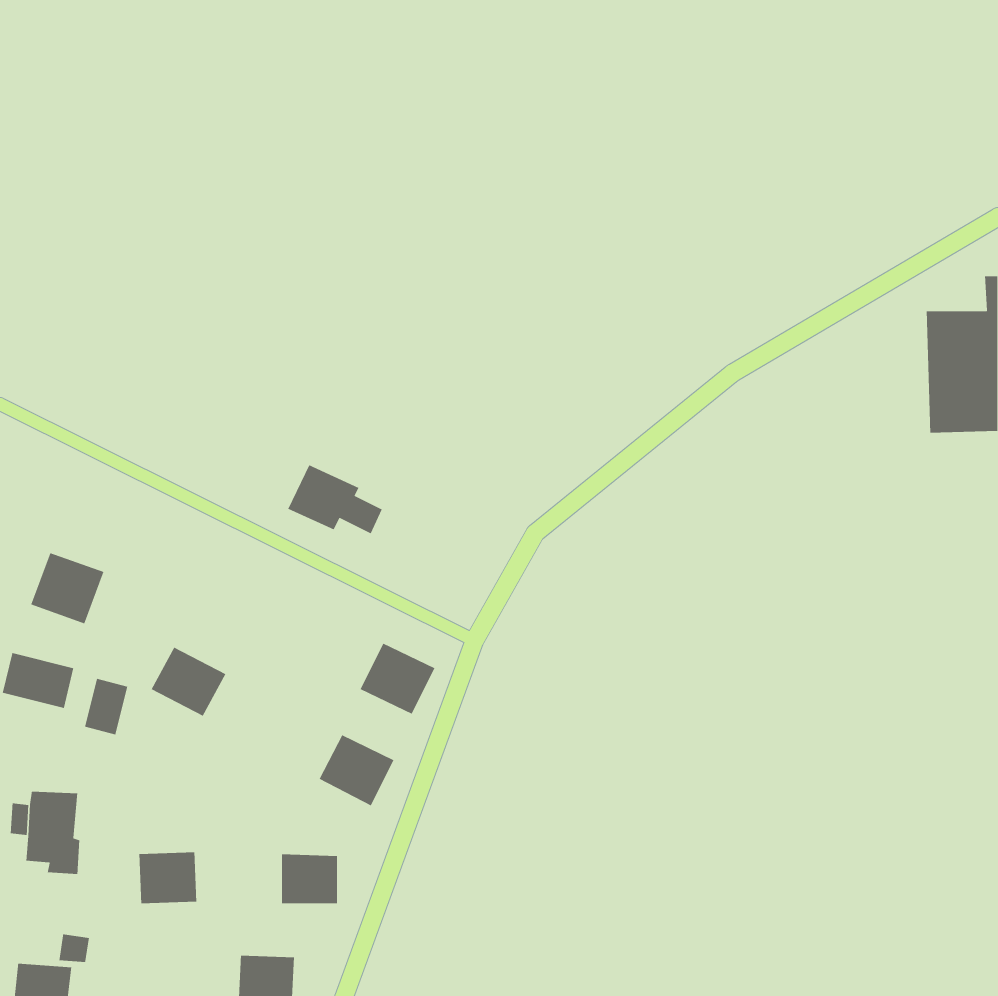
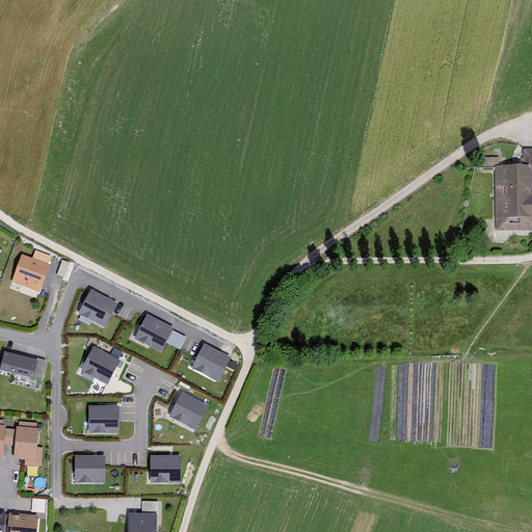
building: [287,464,383,534] -> [136,314,187,351]
building: [30,552,105,624] -> [12,254,52,292]
building: none -> [85,295,115,327]
building: [84,678,128,736] -> none
building: none -> [88,405,118,432]

